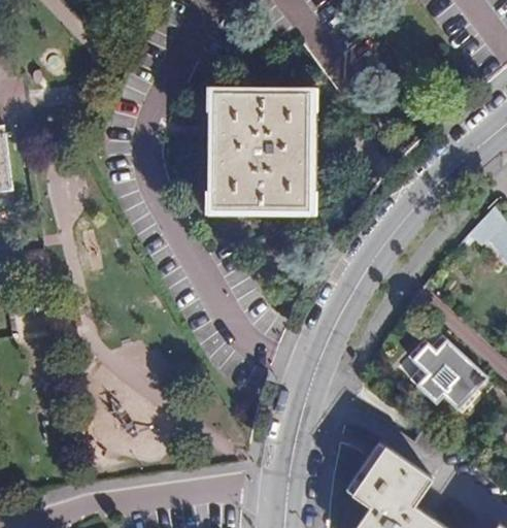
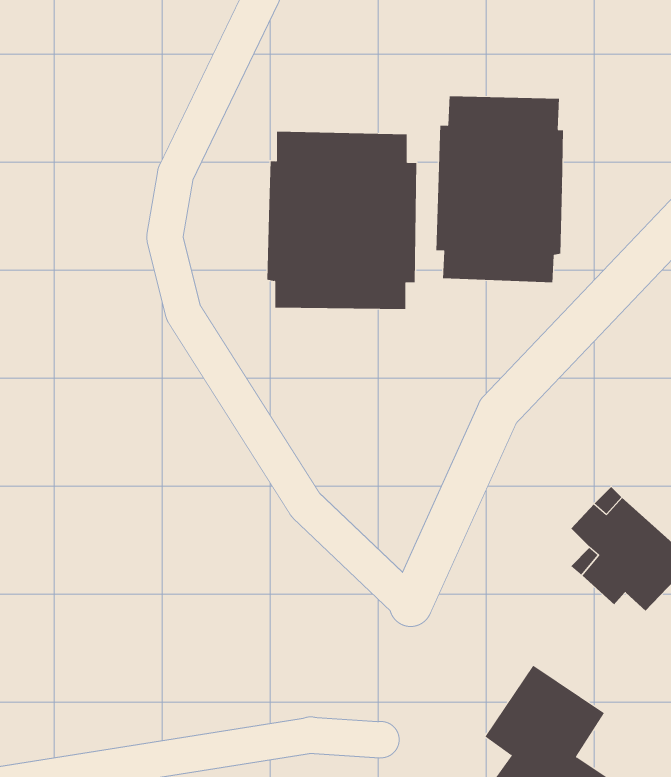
building: none -> [436,96,564,283]

